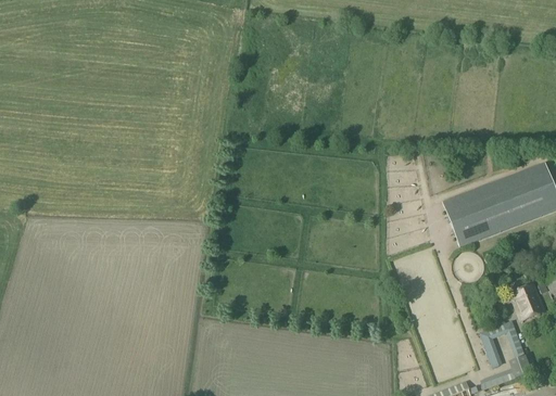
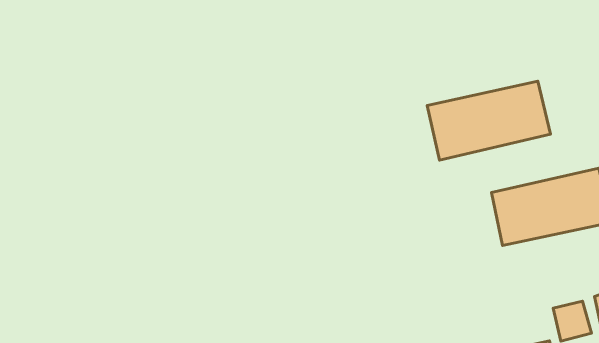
building: none -> [427,81,550,160]

